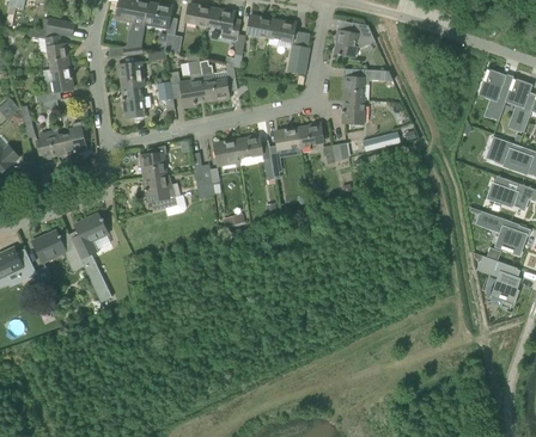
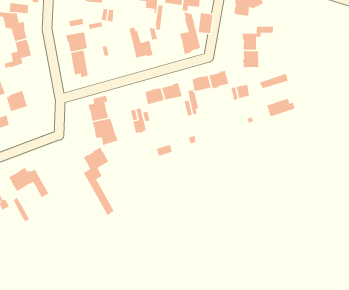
building: [179,51,206,107] -> [179,11,201,55]
building: [59,121,89,153] -> none
building: none -> [266,98,295,118]
building: [73,213,111,302] -> [83,147,115,216]

